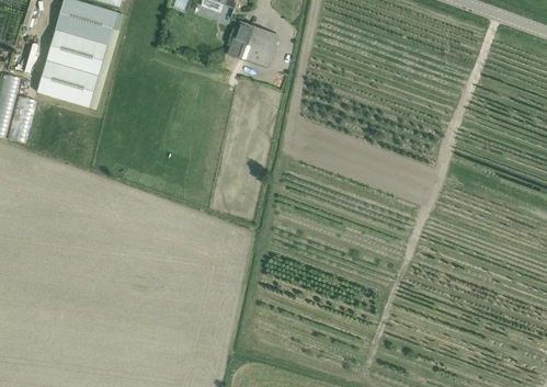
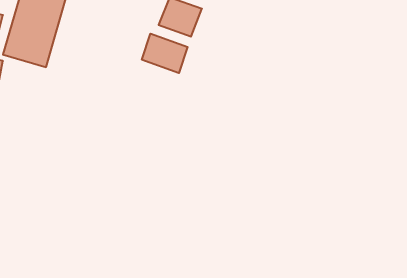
building: none -> [142,34,188,73]

